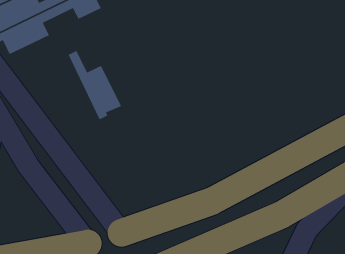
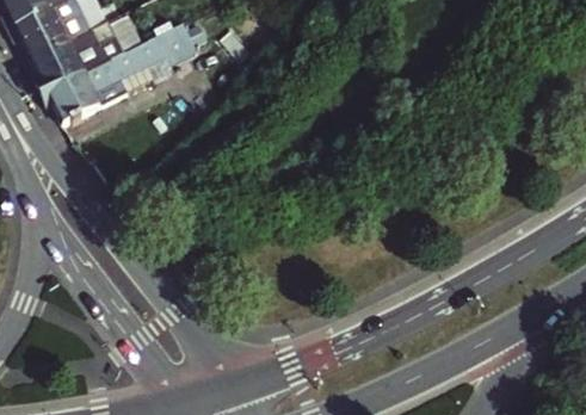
building: [67,50,122,121] -> none

